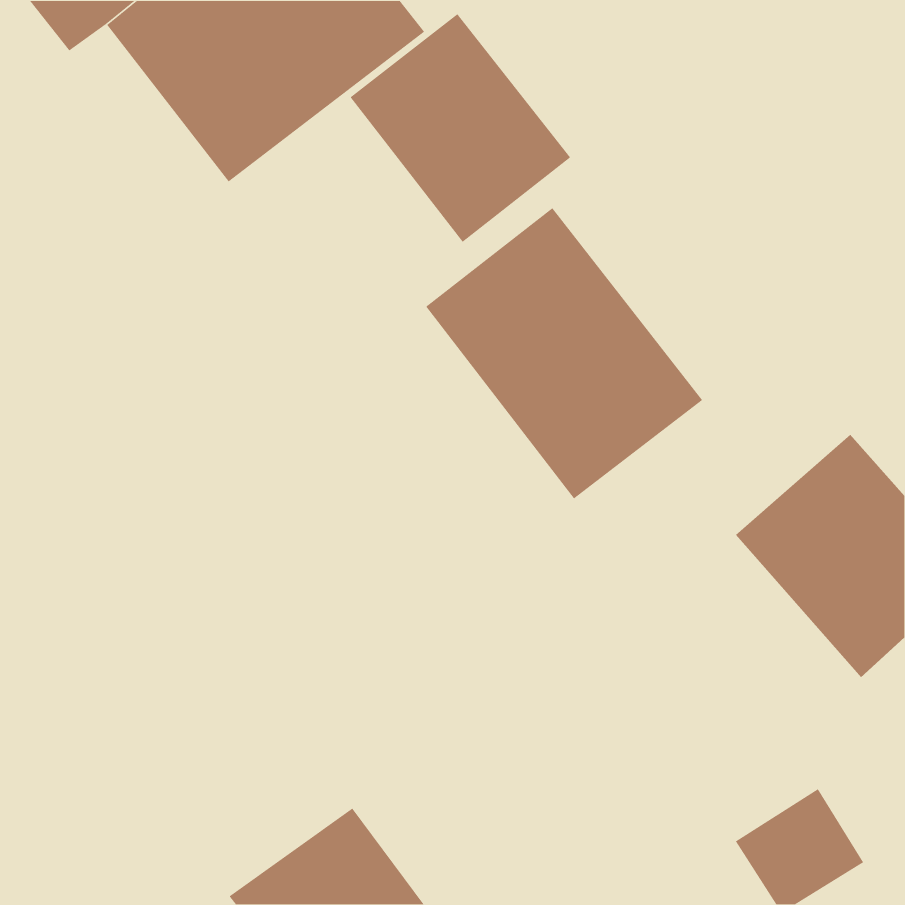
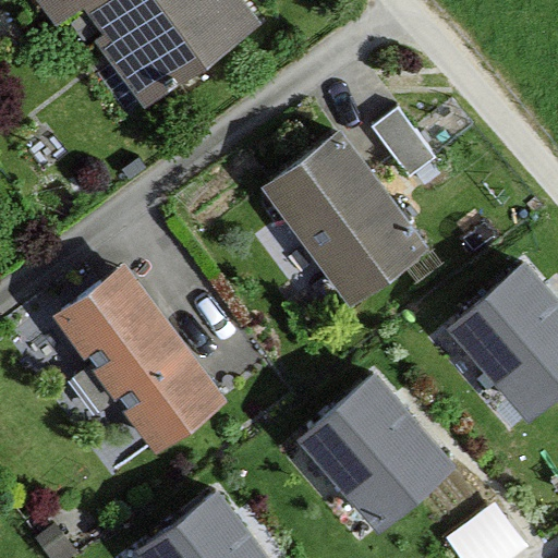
building: [349,13,571,243] -> none
building: none -> [57,266,227,454]
building: none -> [303,378,450,527]

